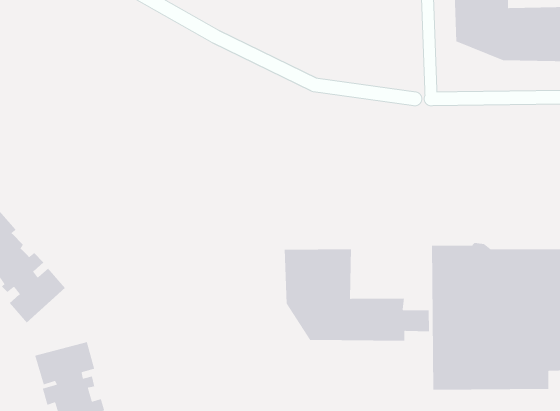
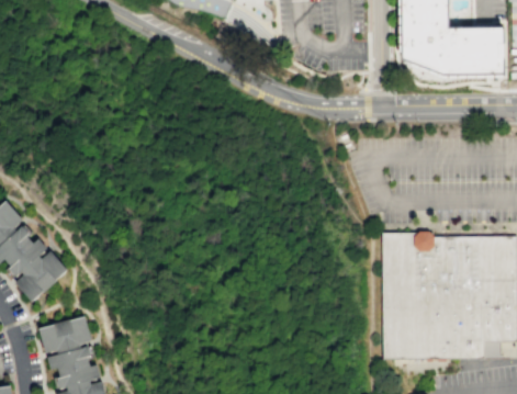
building: [284,249,430,341] -> none

